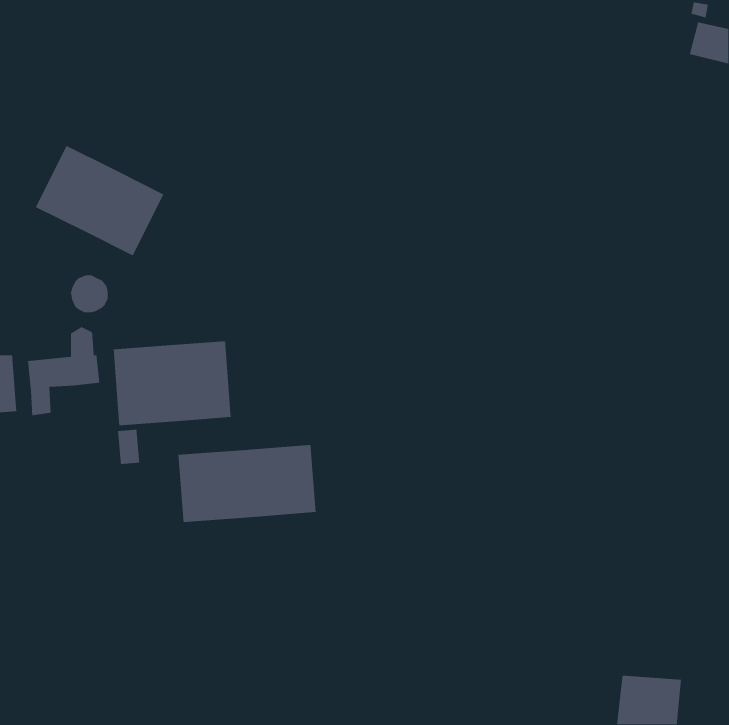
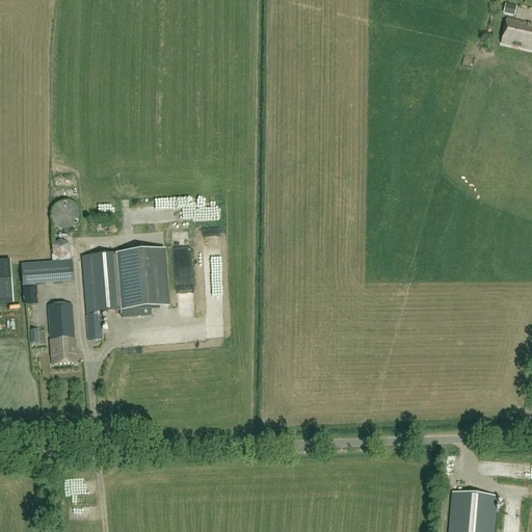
building: [35,145,164,257] -> none
building: none -> [47,301,75,362]
building: [177,444,316,523] -> none

